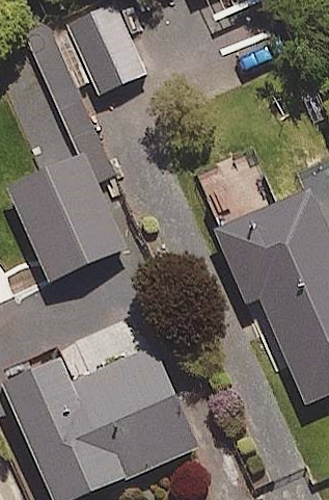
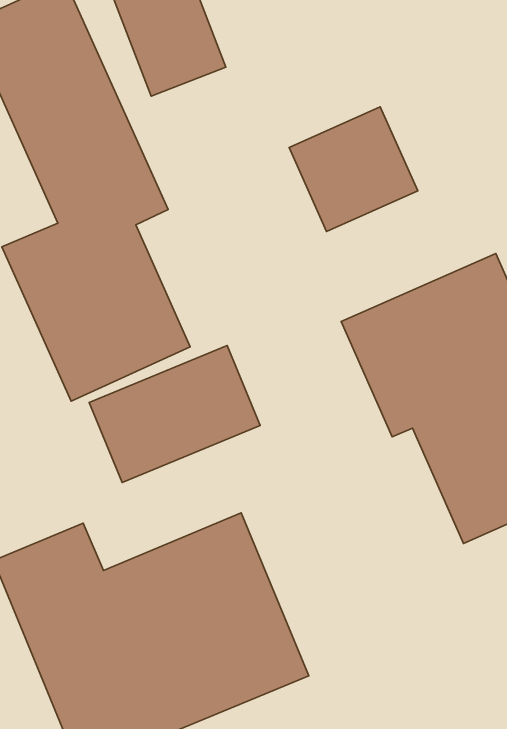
building: none -> [289,107,418,232]
building: none -> [89,345,260,483]

